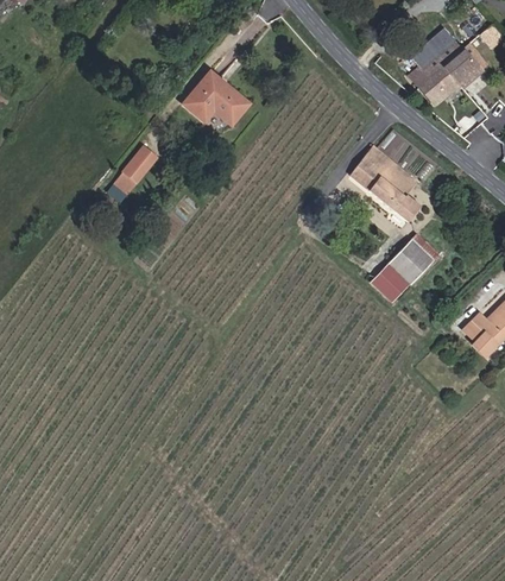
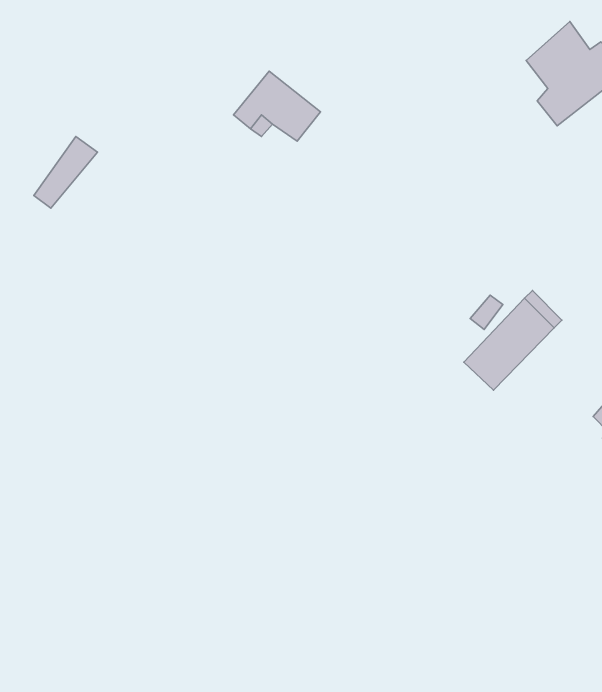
building: [348,145,422,230] -> none
building: [109,146,158,201] -> [34,137,98,208]

